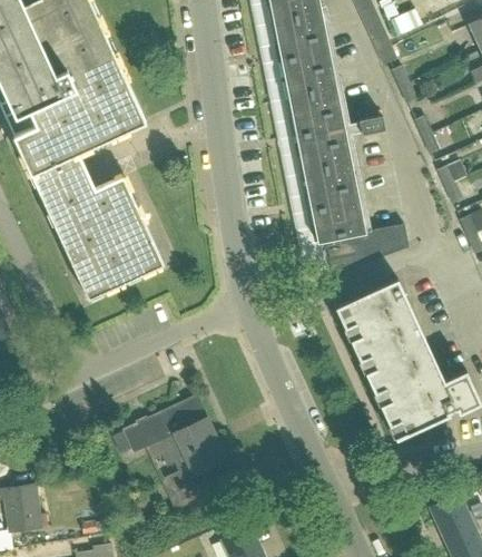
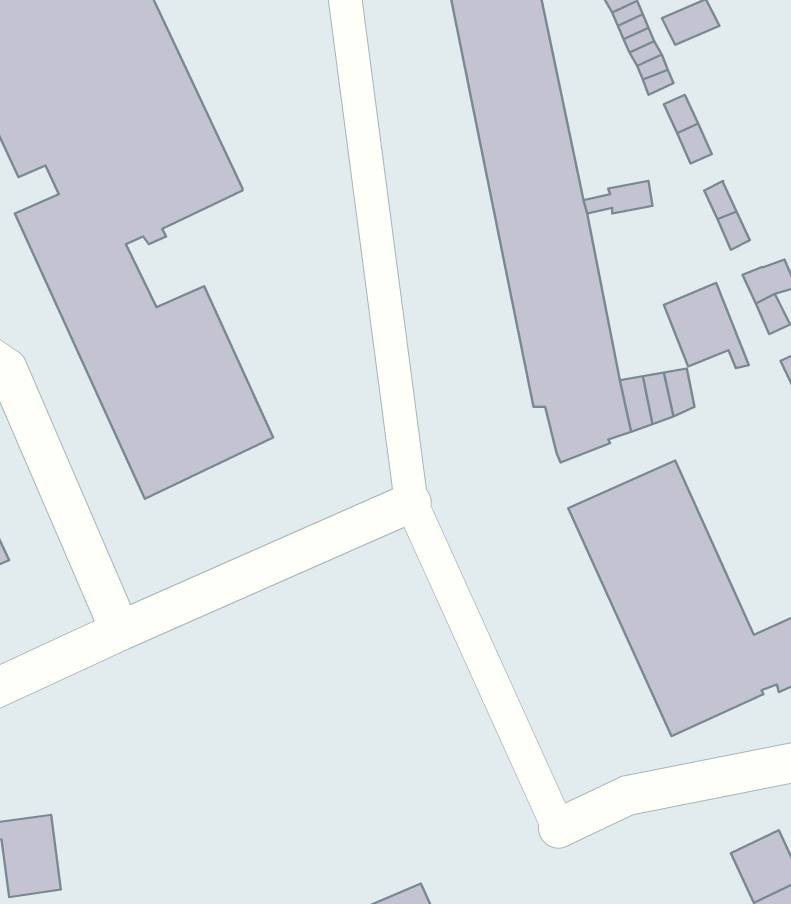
building: none -> [664,283,749,368]
building: [111,395,227,518] -> none

